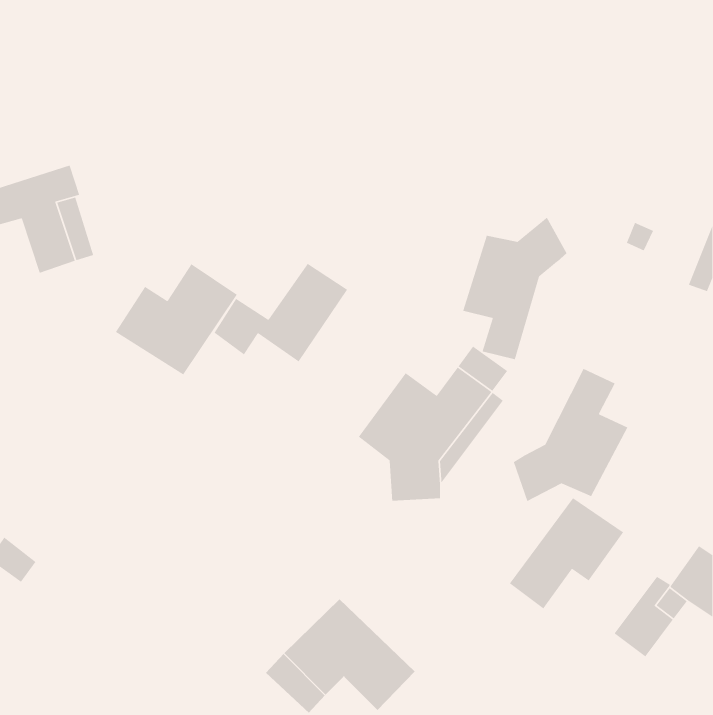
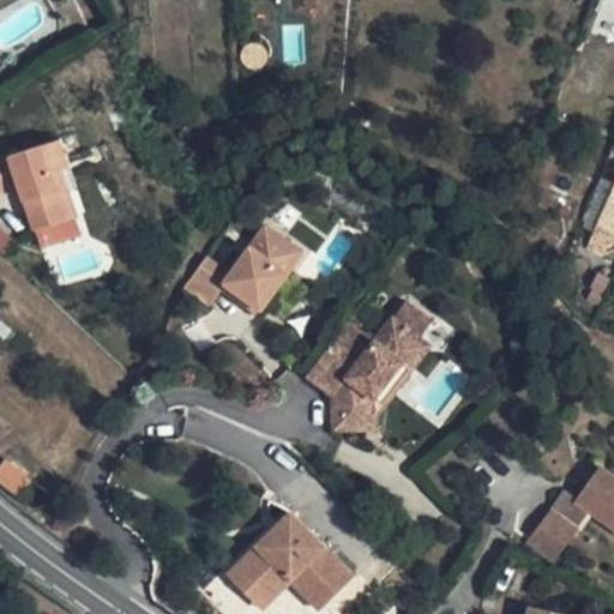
building: [462,216,567,360] -> none
building: [115,263,238,376] -> none
building: [513,368,629,502] -> none
building: [509,497,624,609] -> none

